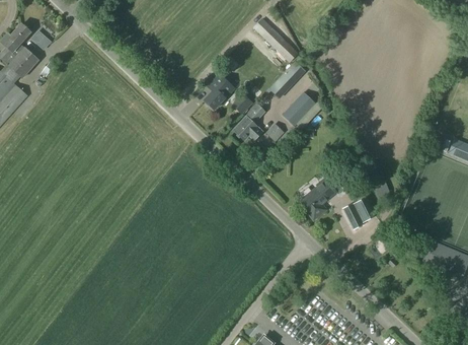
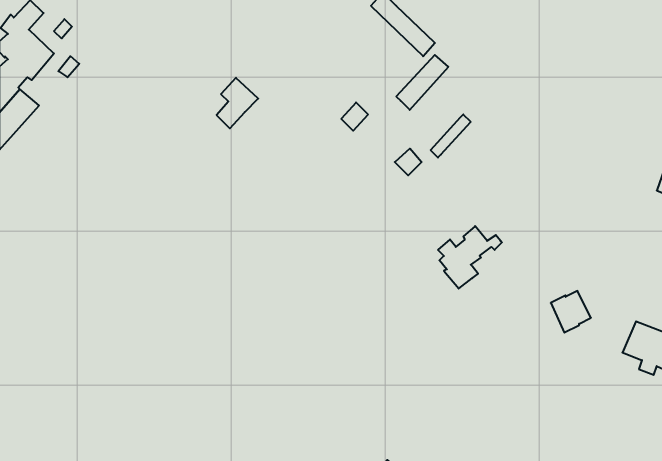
building: [205,75,233,110] -> [217,78,258,128]
building: [282,92,314,126] -> none
building: [233,105,264,141] -> none
building: [342,200,370,228] -> [551,291,591,333]

